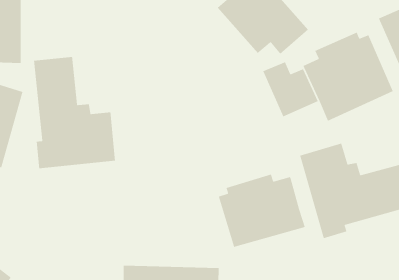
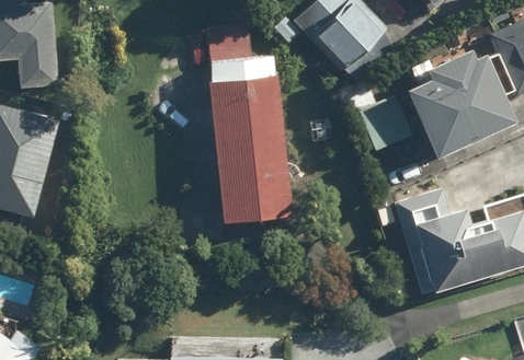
building: none -> [204,53,289,227]
building: [33,56,116,169] -> none
building: [218,174,306,248] -> none

